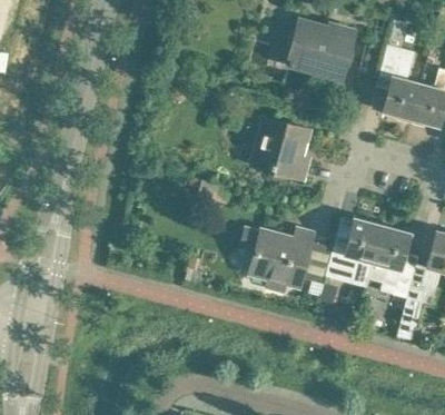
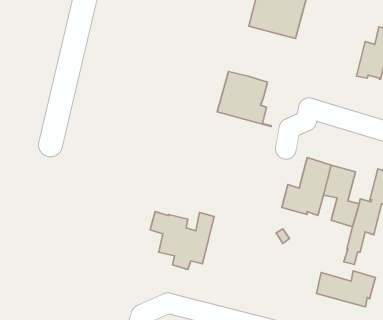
building: [379,42,422,123] -> none
building: [240,227,314,294] -> [150,212,214,269]
building: none -> [317,271,376,307]

